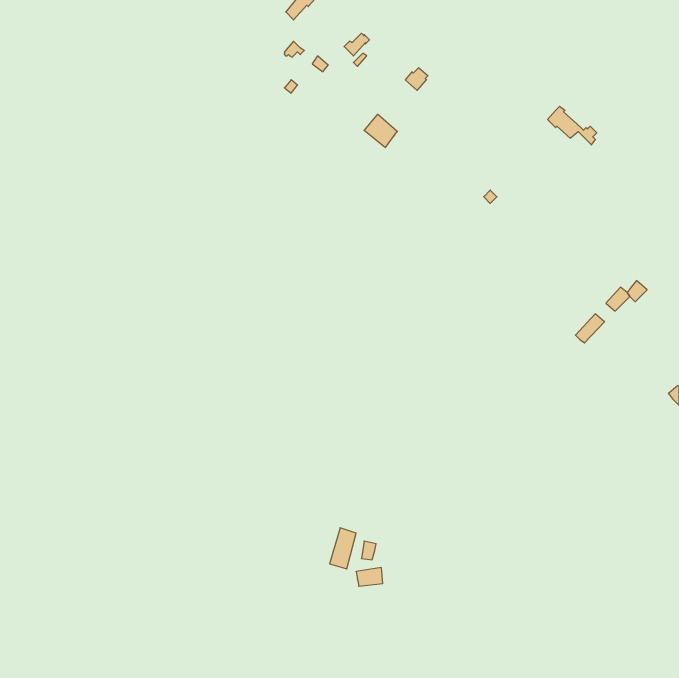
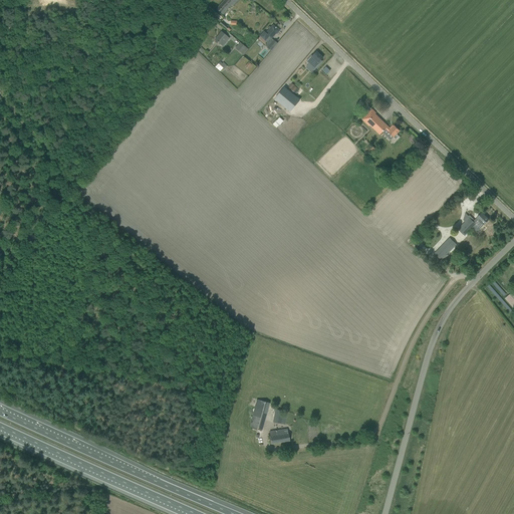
building: [548,106,597,145] -> [362,109,400,139]

